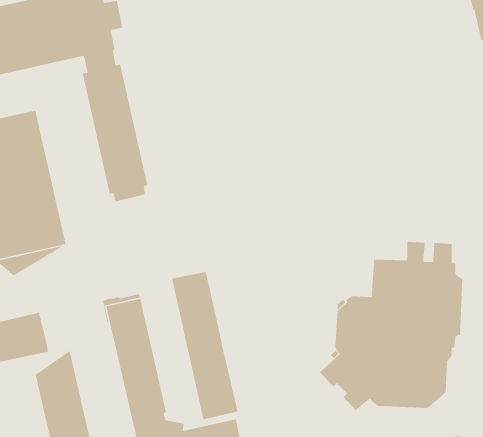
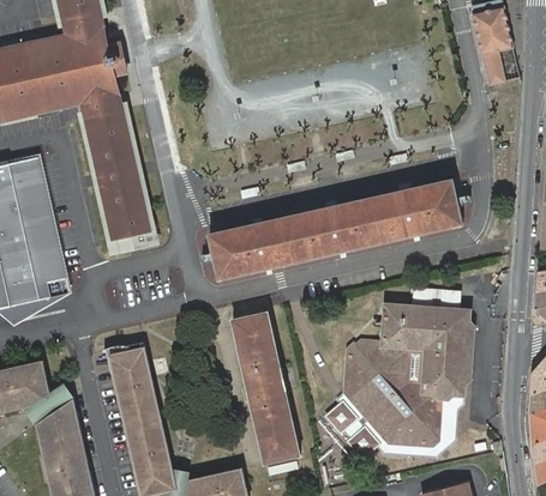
building: none -> [209,179,463,278]
building: [171,271,238,420] -> [232,311,300,462]
building: none -> [25,382,72,423]

